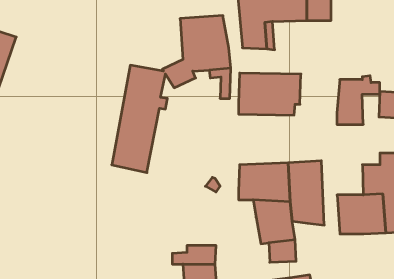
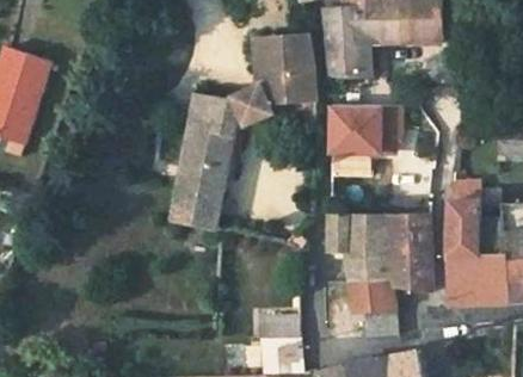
building: [337,76,380,124] -> [447,194,499,254]

